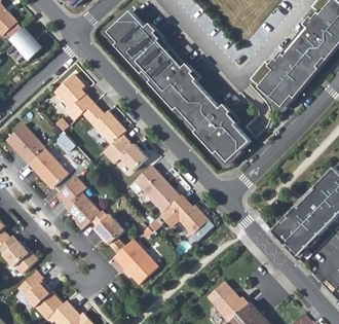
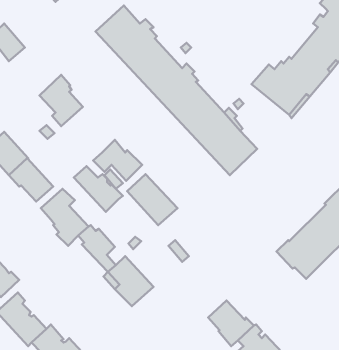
building: [82,101,126,142] -> [74,166,123,212]
building: [159,192,208,231] -> none

